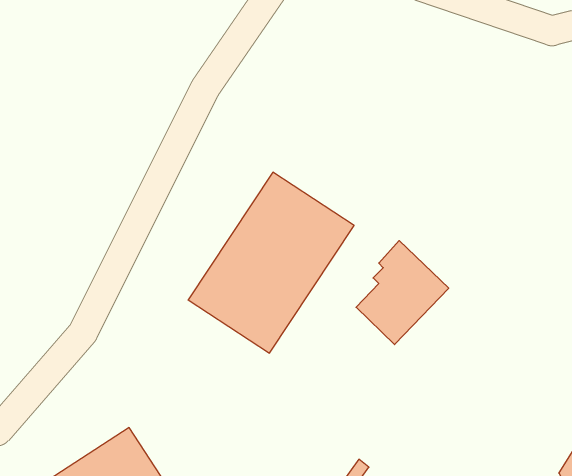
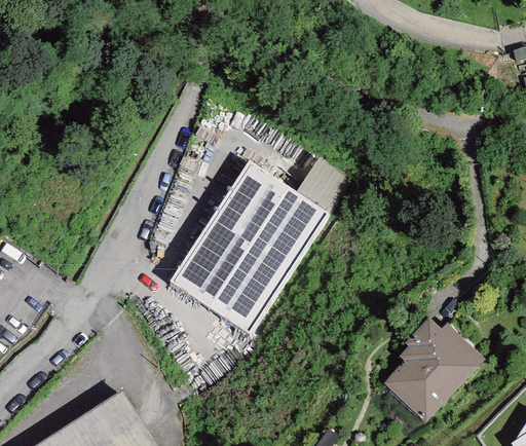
building: [356,241,449,345] -> [389,321,474,415]

